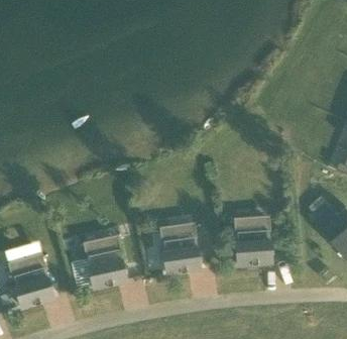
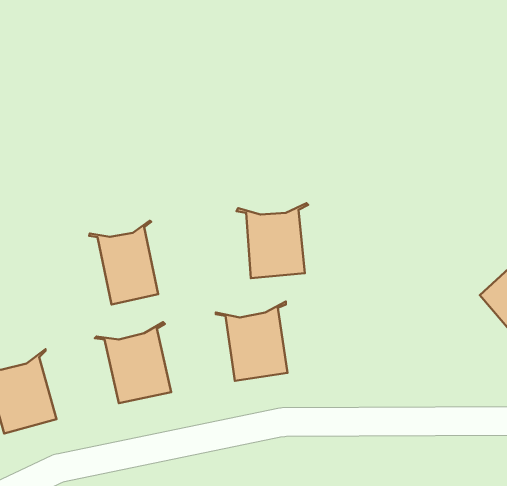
building: none -> [89,221,158,304]
building: [225,211,270,258] -> [237,203,308,278]

